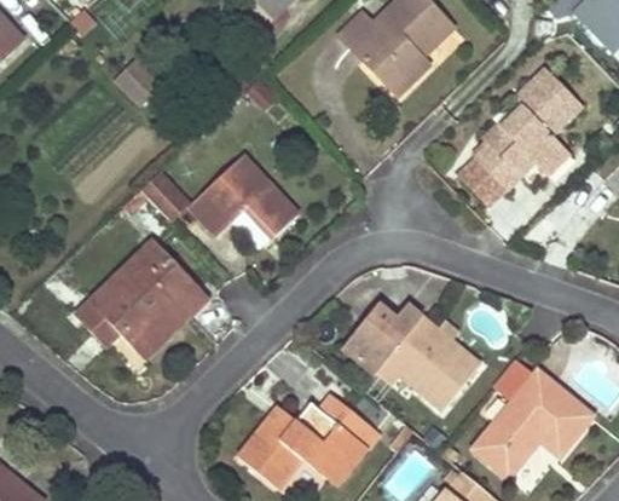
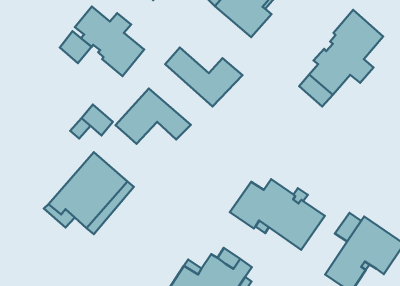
building: none -> [75,7,144,76]
building: none -> [165,48,243,106]

